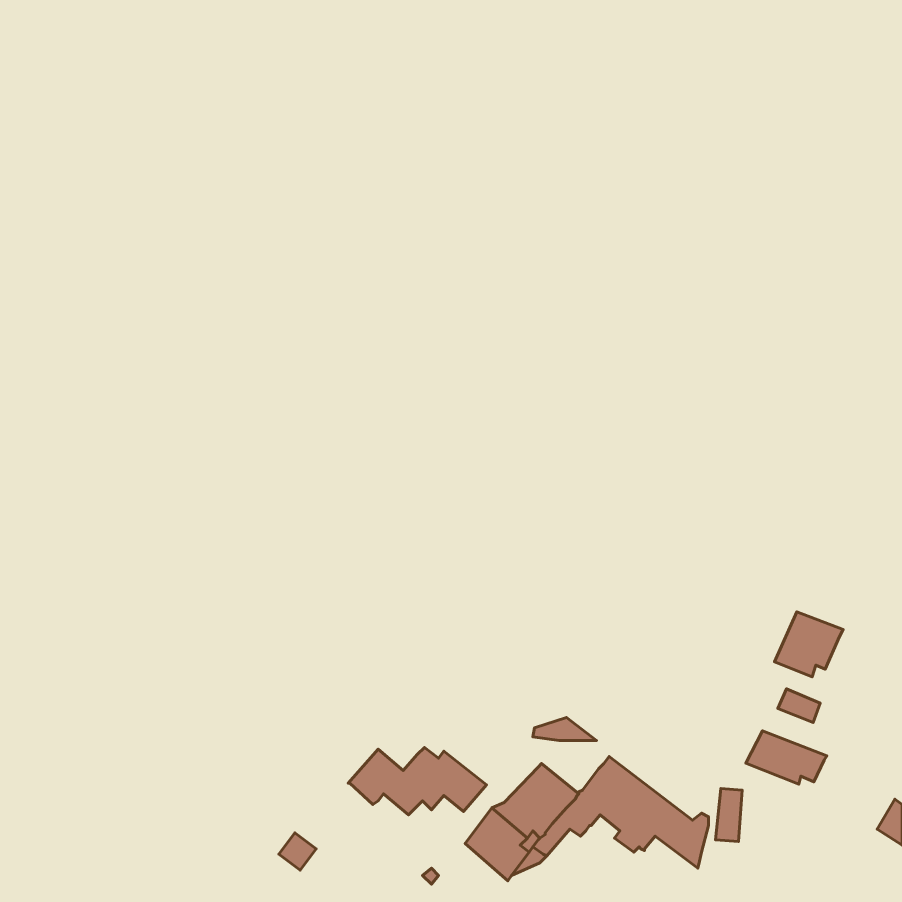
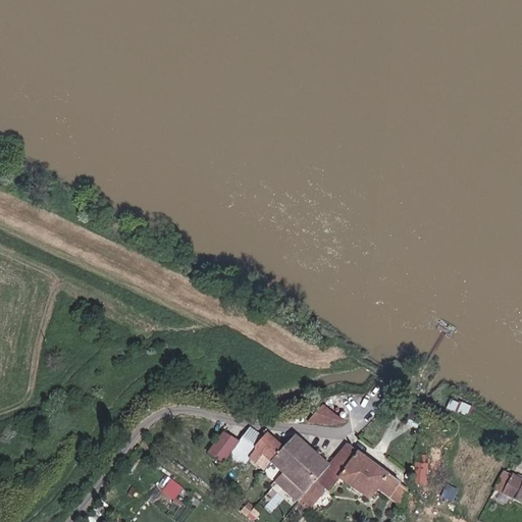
building: [774,612,843,677] -> none
building: [746,731,827,784] -> none
building: none -> [266,430,311,469]

